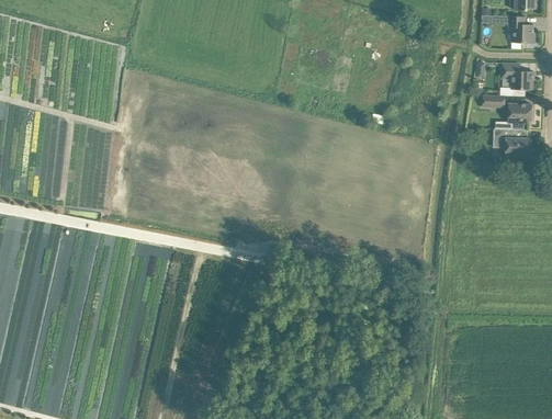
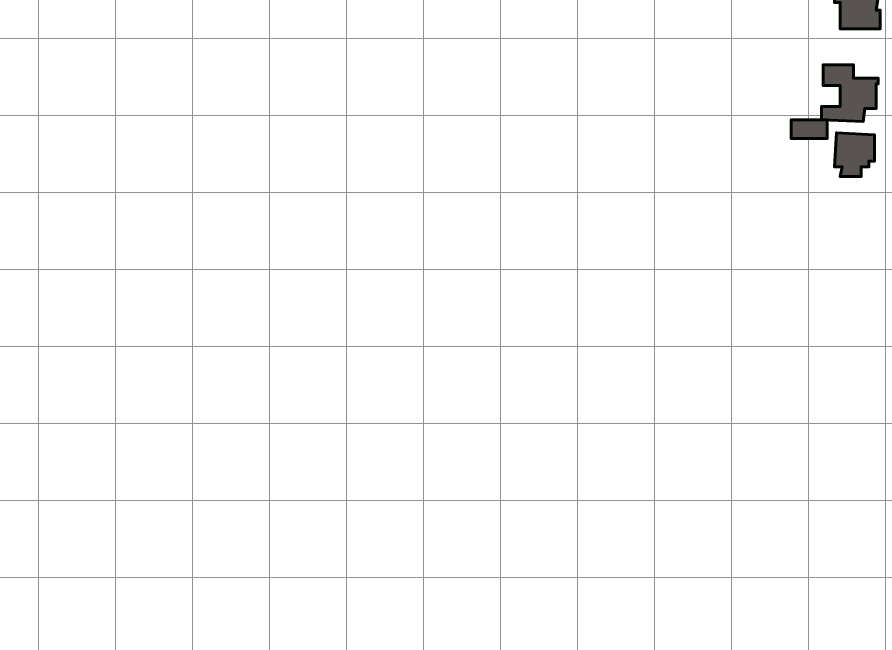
building: [492,127,529,155] -> none

